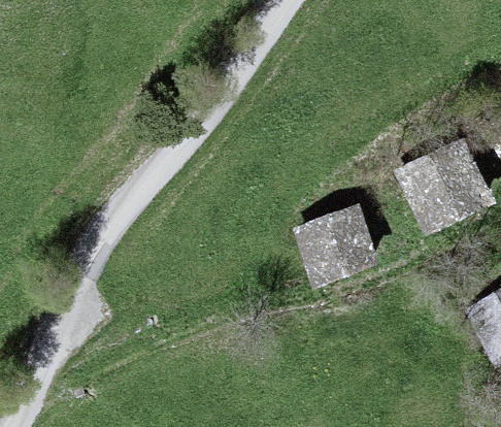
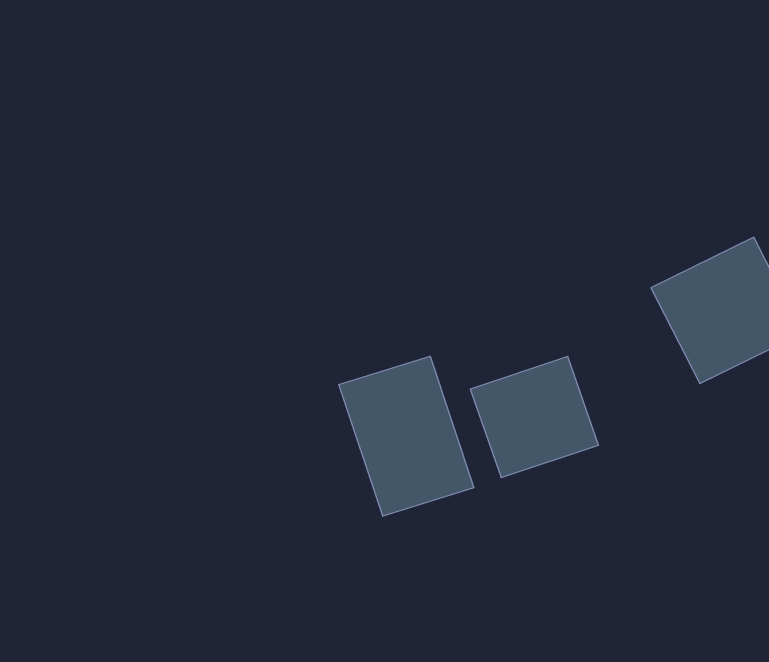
building: none -> [339,356,474,516]

